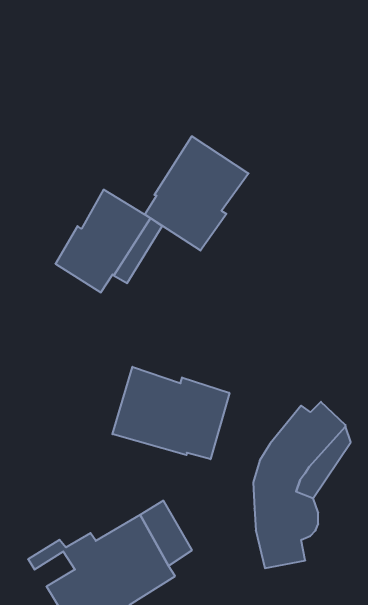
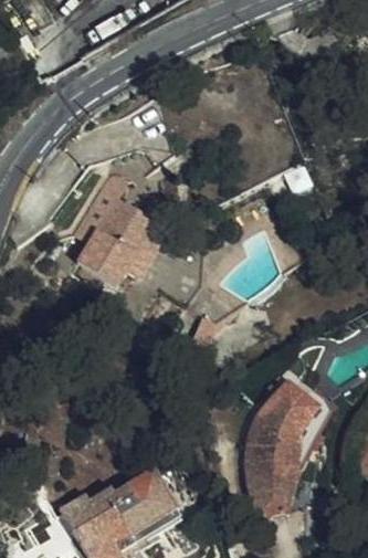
building: [145,136,249,251] -> none
building: [112,367,229,459] -> none

